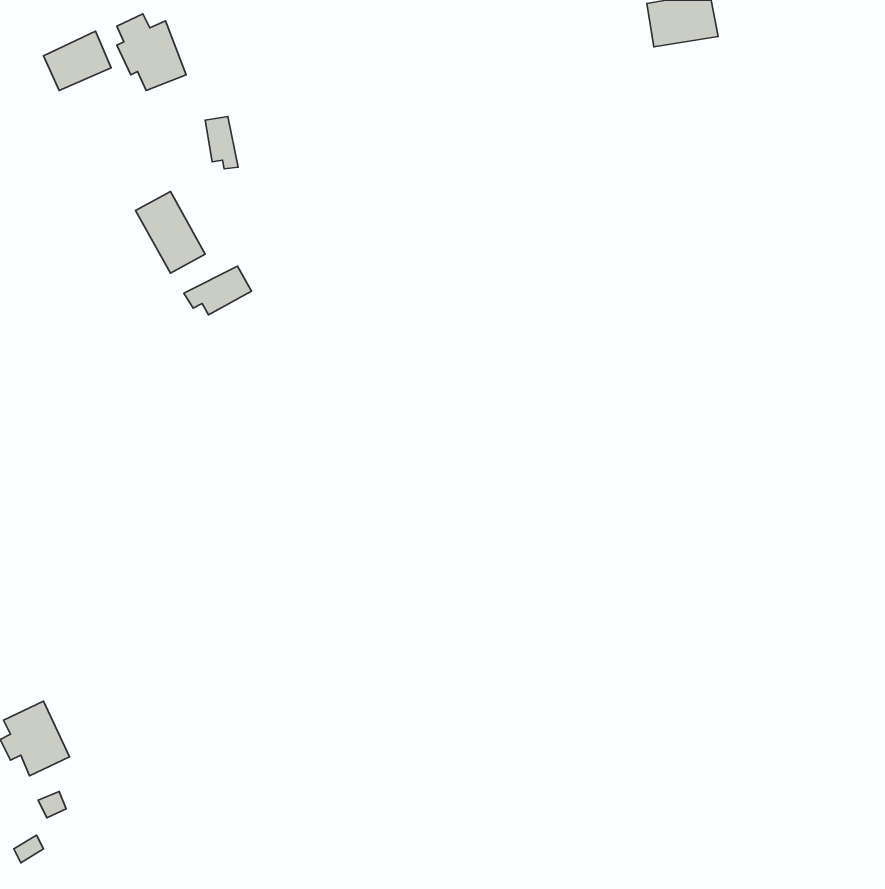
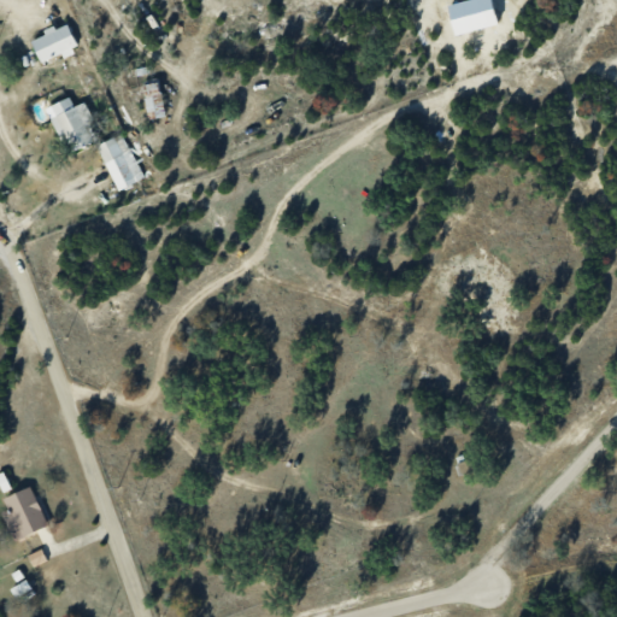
building: [117,14,186,91] -> [49,96,98,149]
building: [184,266,252,315] -> none

